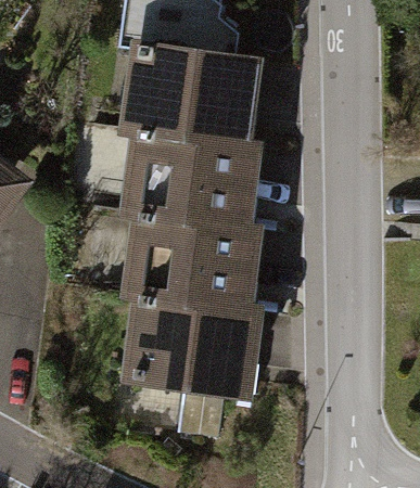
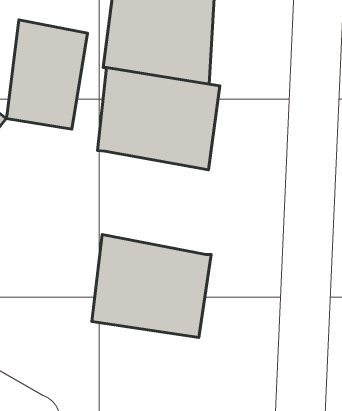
building: none -> [6,20,87,129]
building: [133,210,253,309] -> none

